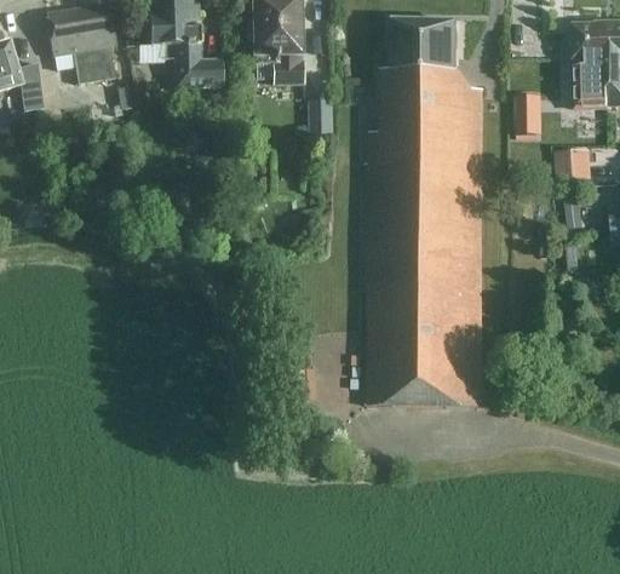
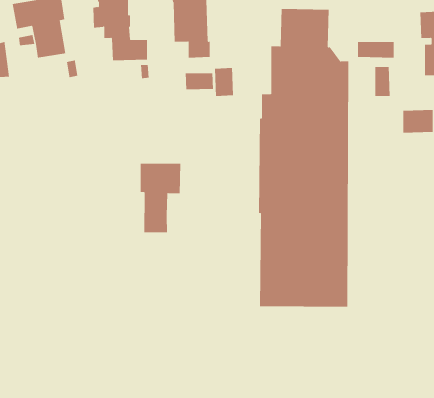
building: none -> [357,41,394,58]
building: none -> [185,73,213,90]
building: none -> [140,163,181,233]

